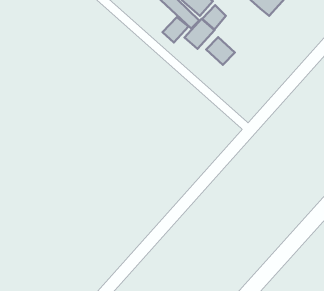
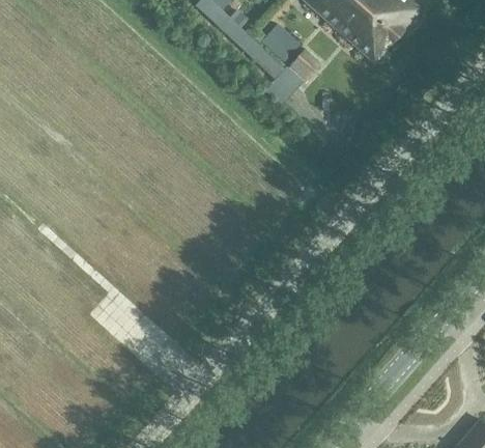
building: [162,17,188,42] -> none
building: [206,37,235,65] -> none

